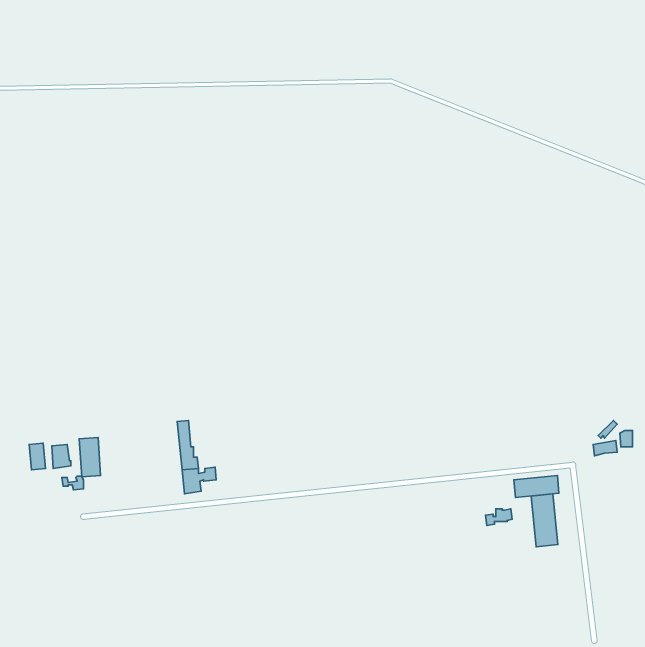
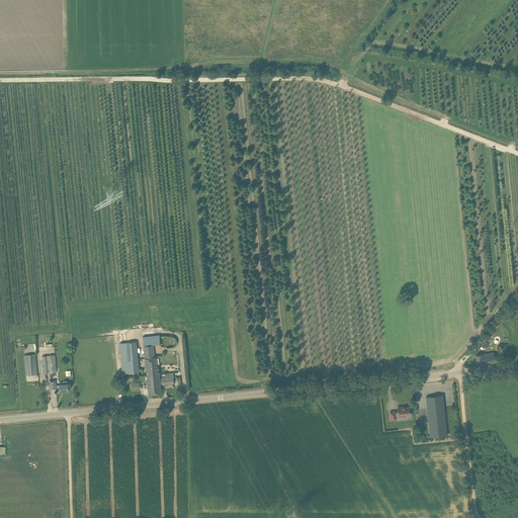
building: [79,438,101,477] -> [120,342,138,373]
building: [514,475,559,498] -> none

